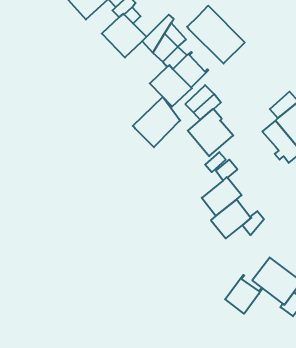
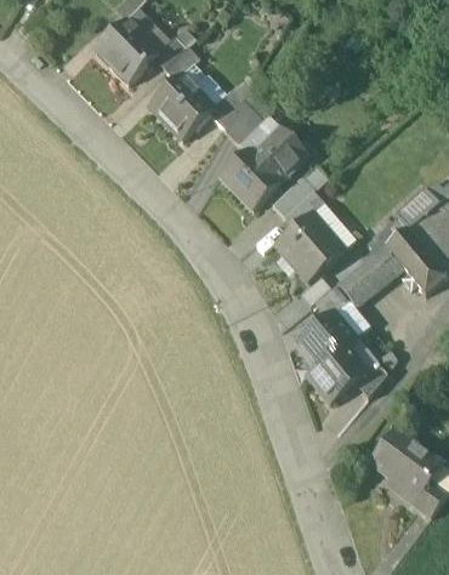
building: [187,6,245,64] -> none
building: [133,97,180,147] -> none
building: none -> [340,245,405,306]
building: [225,275,262,314] -> none

